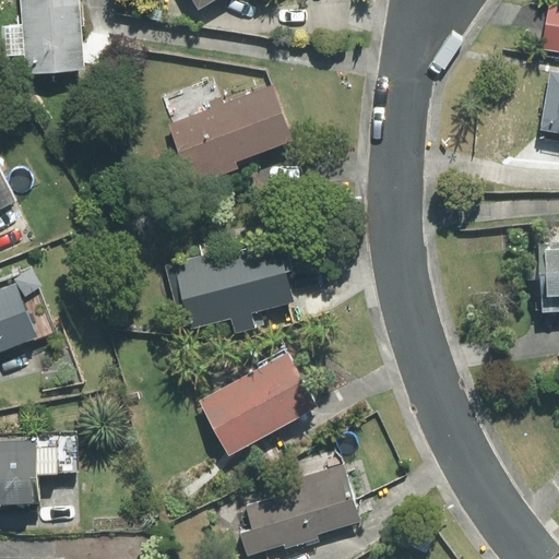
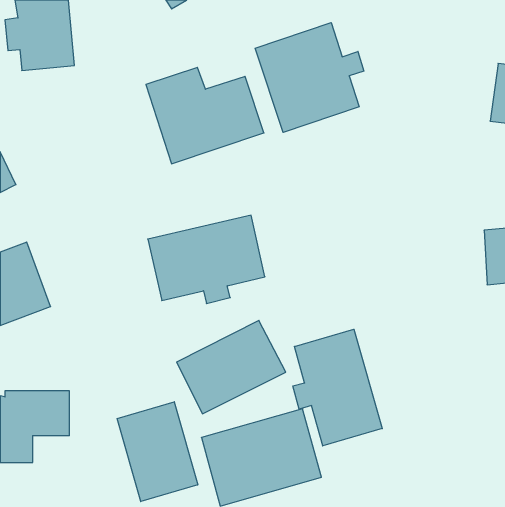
building: none -> [255,23,364,132]
building: none -> [293,329,382,446]
building: none -> [117,402,198,502]

